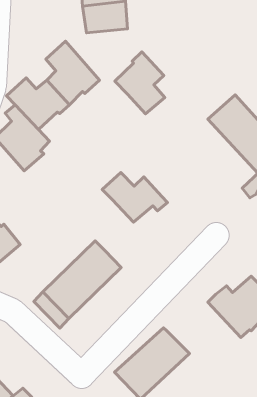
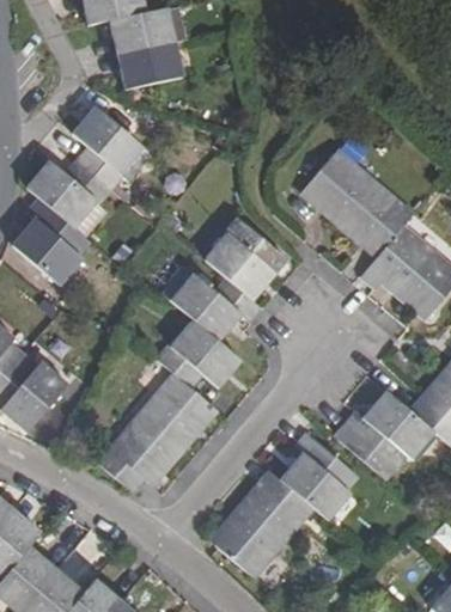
building: [115,52,165,114] -> [206,215,276,299]
building: none -> [146,311,233,381]
building: none -> [280,432,359,519]

